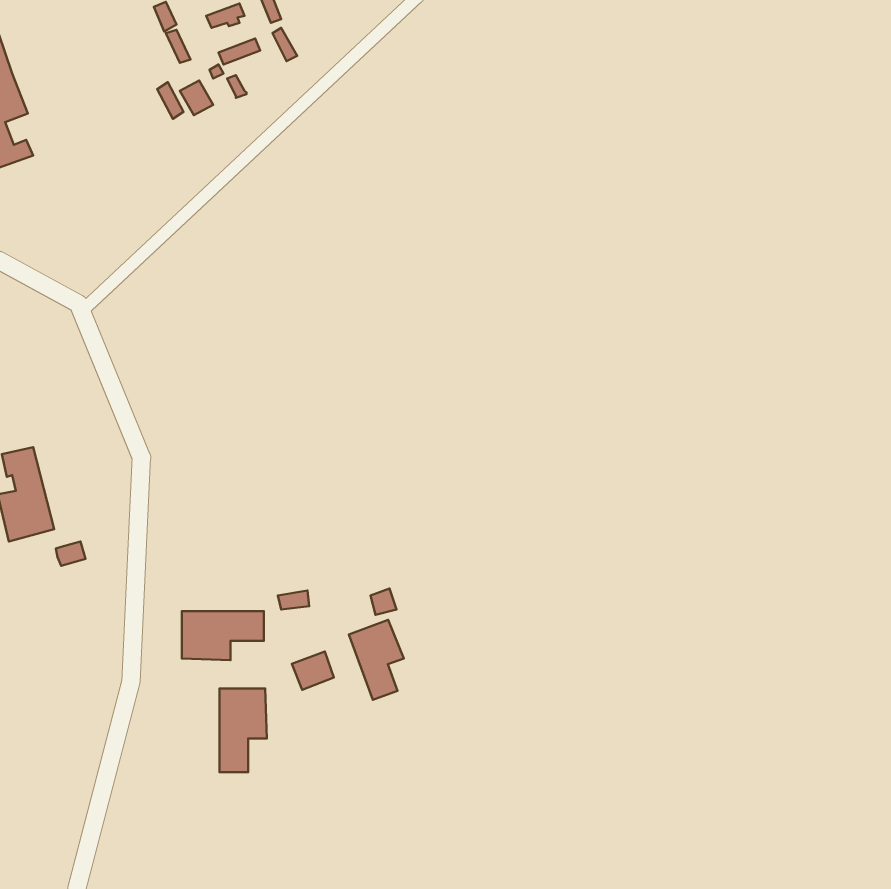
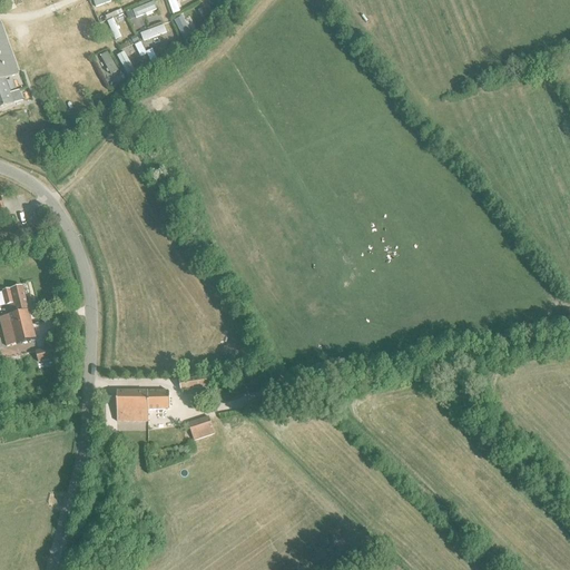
building: [349,620,404,700] -> none
building: [220,688,267,772] -> none

